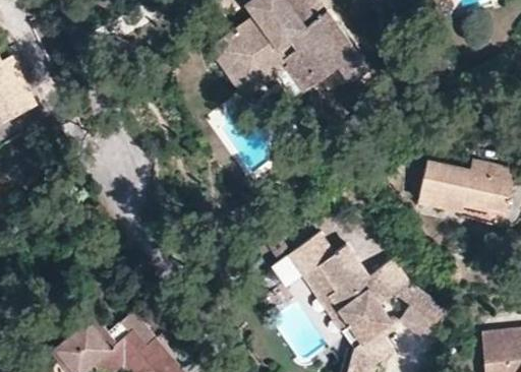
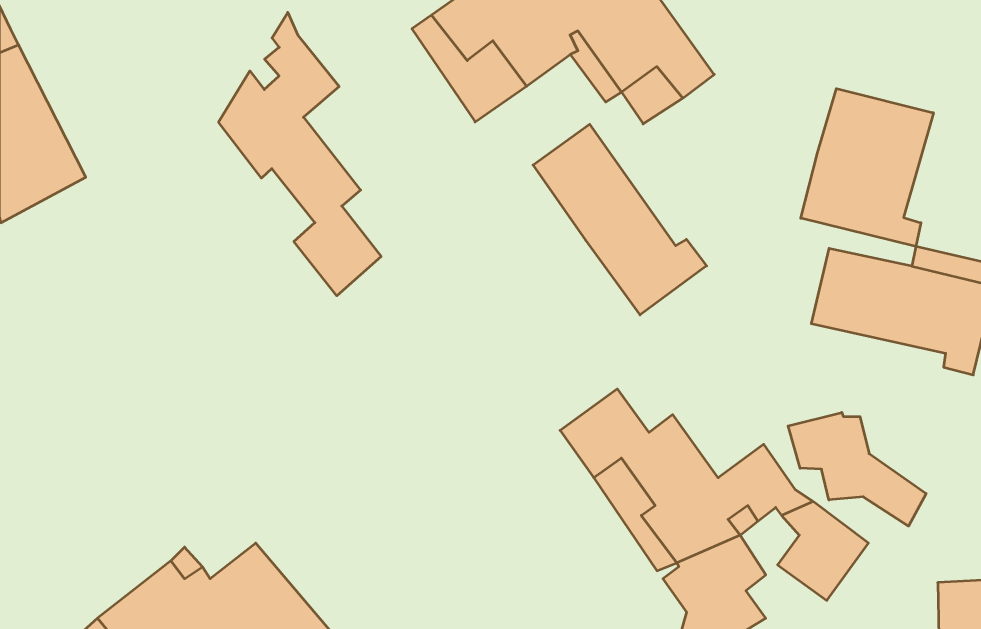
building: none -> [219,12,381,296]
building: none -> [801,89,933,246]
building: none -> [533,124,707,315]
building: none -> [788,412,926,526]

